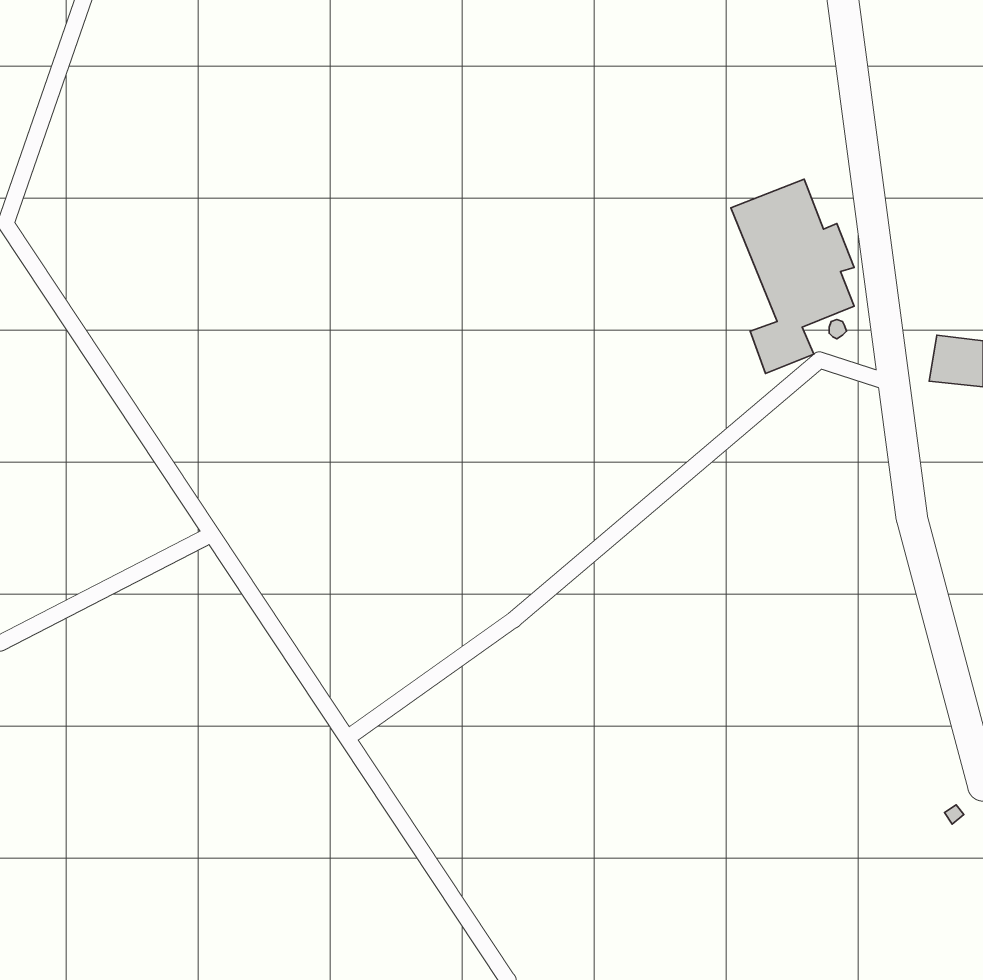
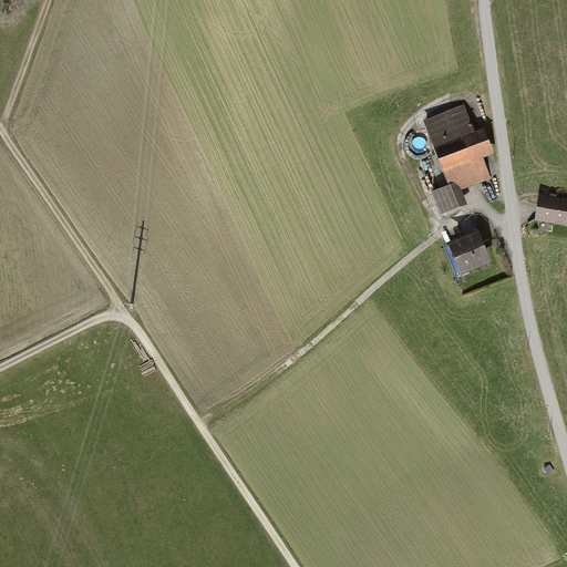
building: none -> [447,230,492,276]

